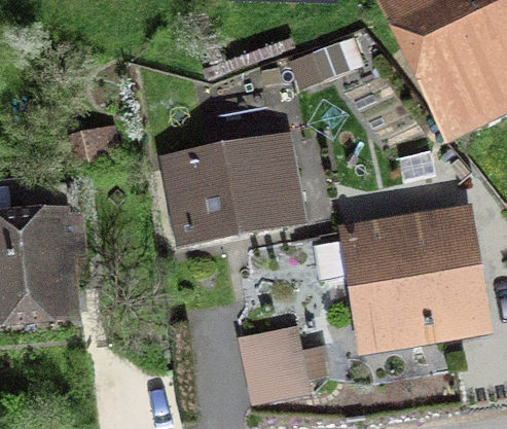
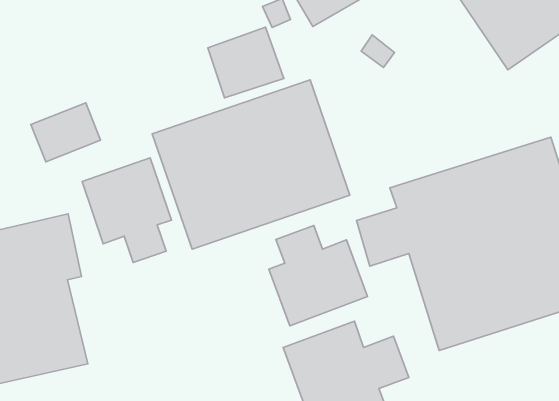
building: none -> [82,158,171,262]
building: none -> [269,226,367,326]

